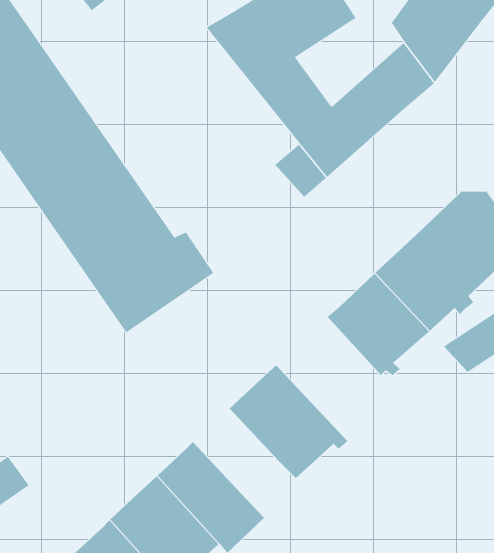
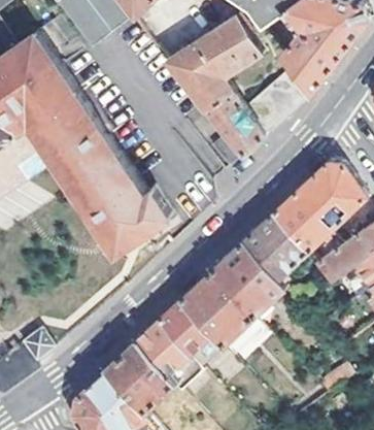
building: none -> [209,242,282,321]
building: none -> [157,300,210,354]

